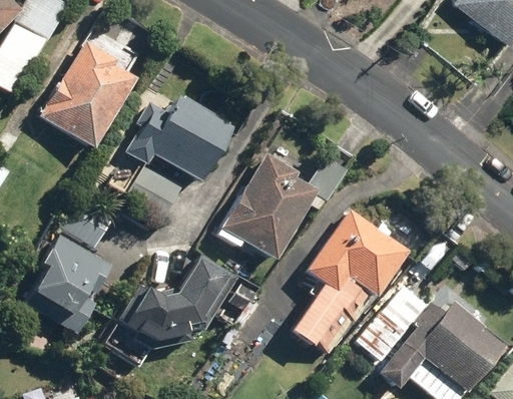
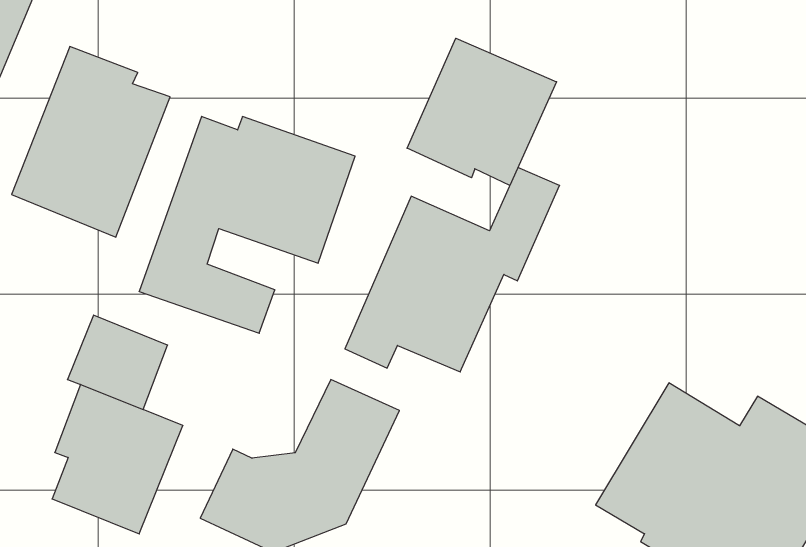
building: none -> [407,38,557,186]
building: [276,212,398,356] -> none

